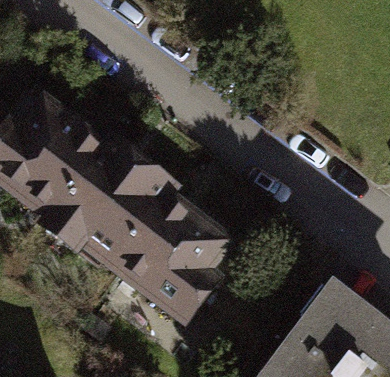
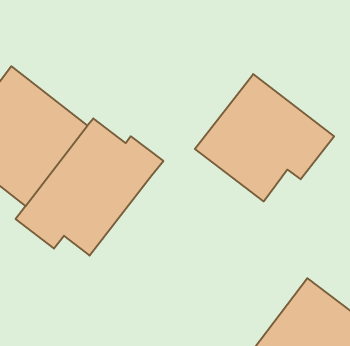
building: none -> [195,74,334,201]
building: [112,192,240,333] -> none

